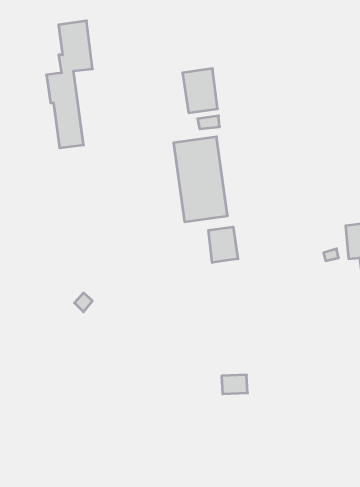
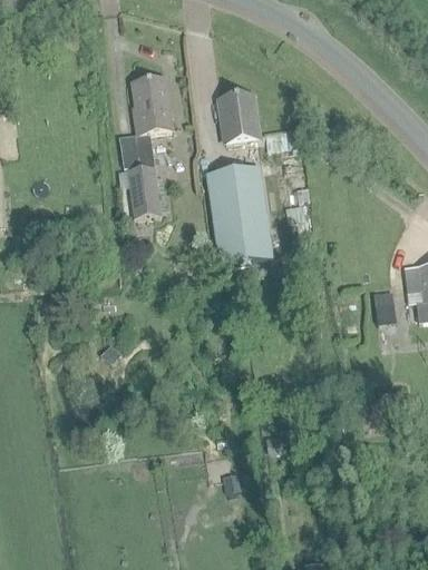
building: [46,21,93,148] -> [119,75,171,216]
building: [208,227,238,263] -> none

